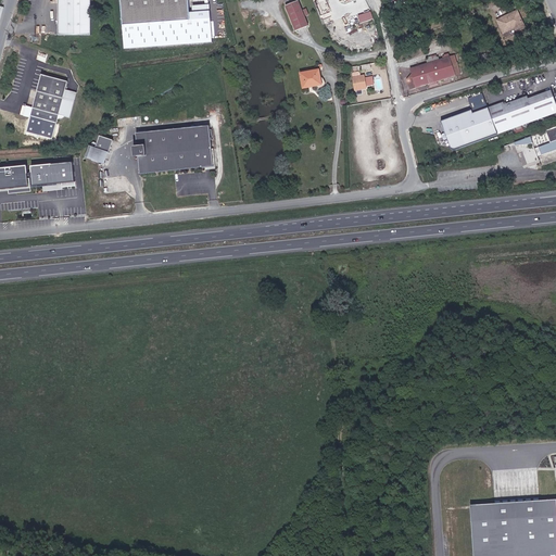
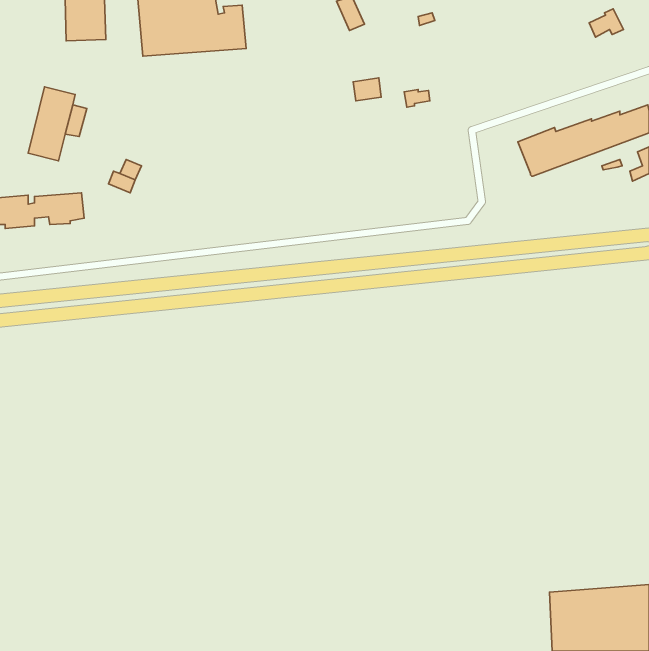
building: [410,56,465,90] -> none
building: [127,125,213,174] -> none

